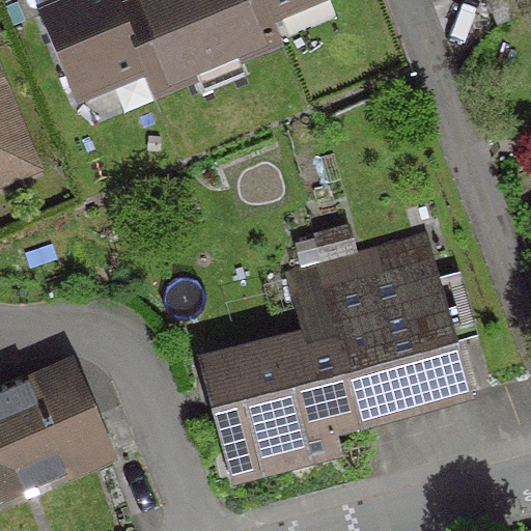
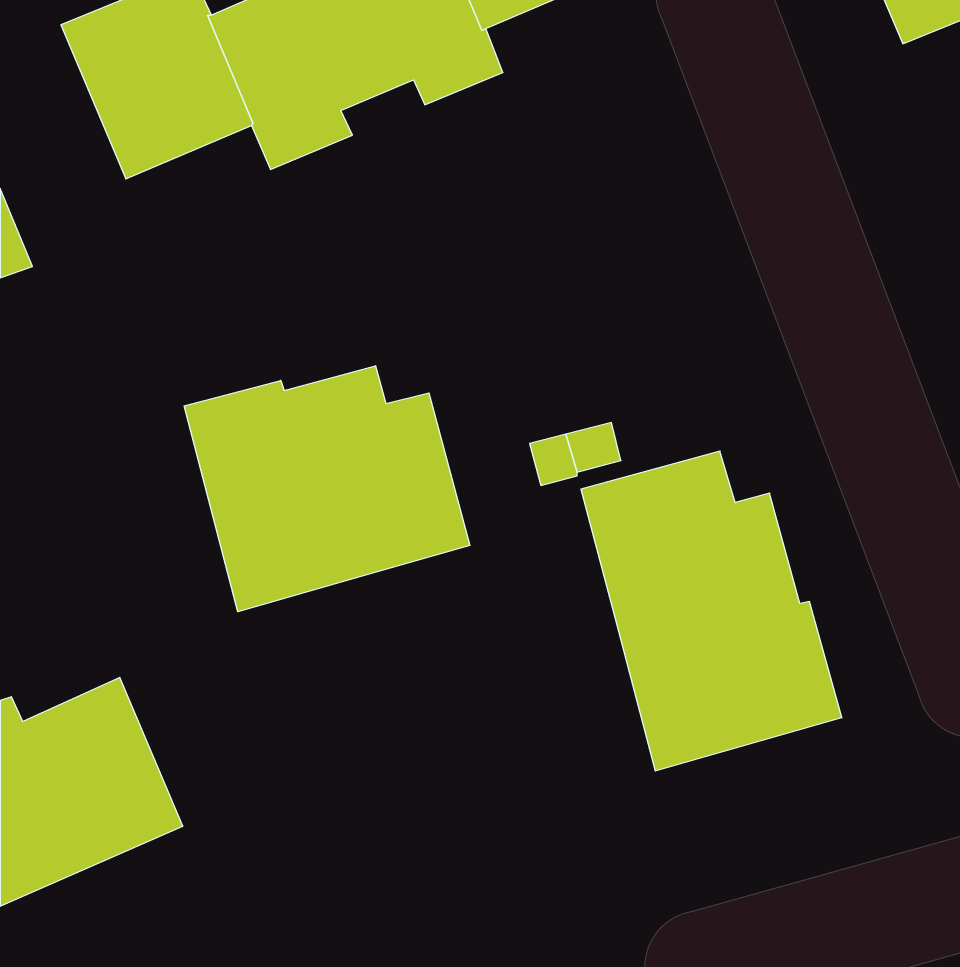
building: none -> [184,366,470,612]
building: [212,337,364,476] -> none

